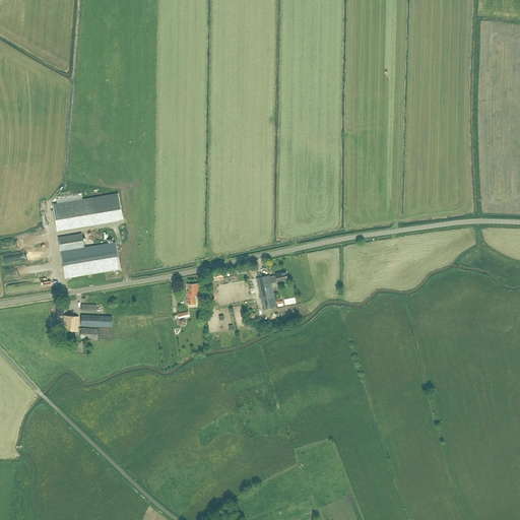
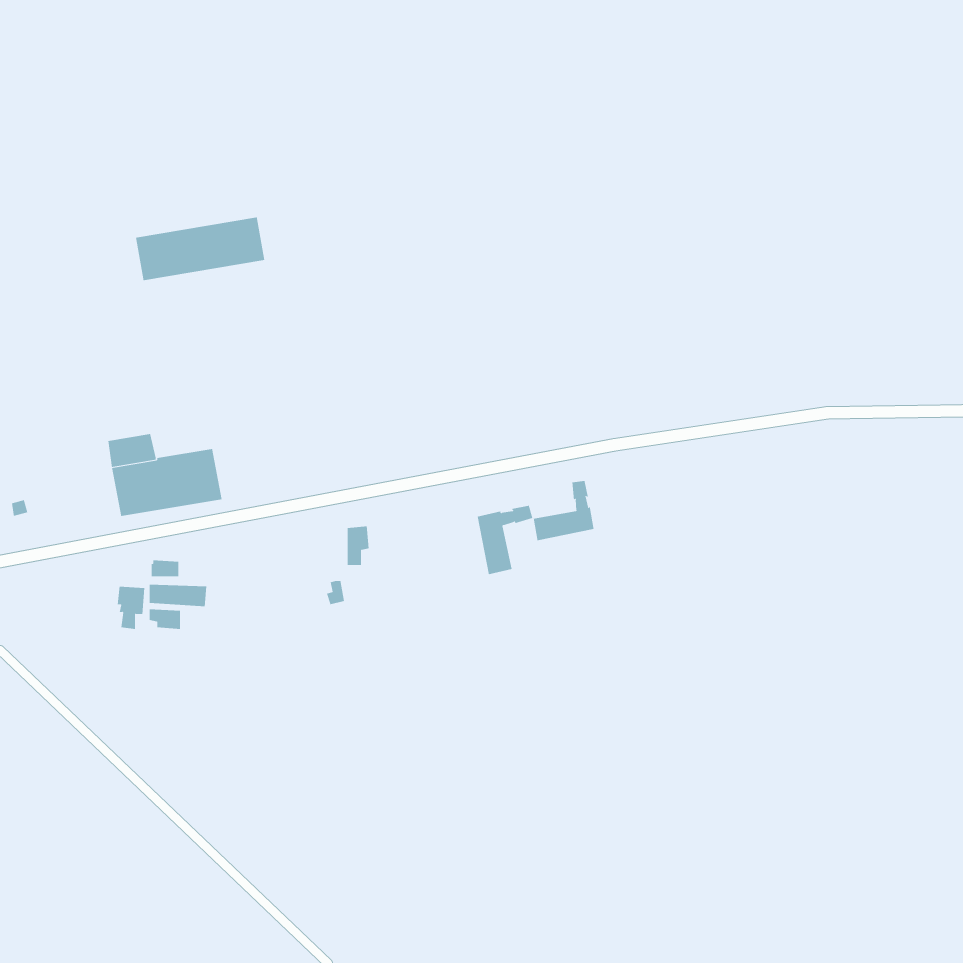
building: [52,193,122,228] -> [135,217,265,281]
building: none -> [533,480,594,541]

